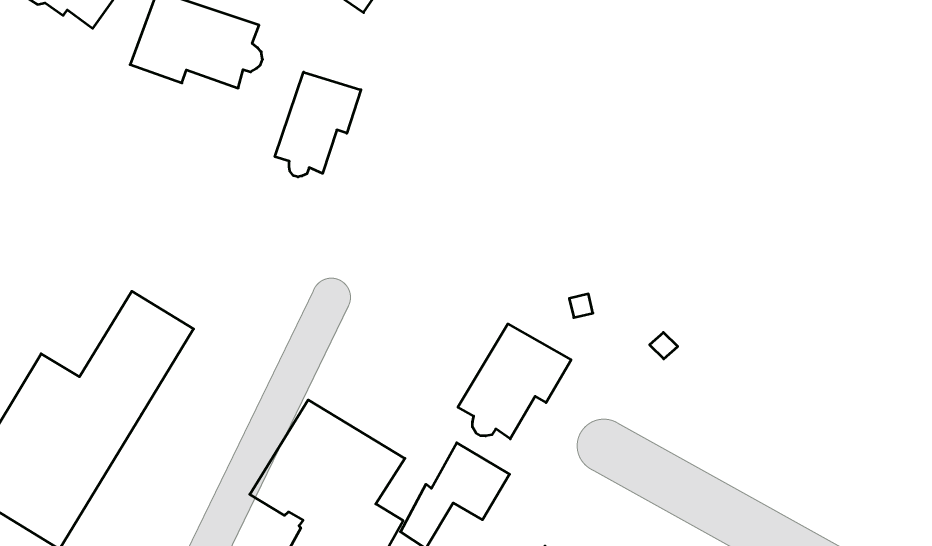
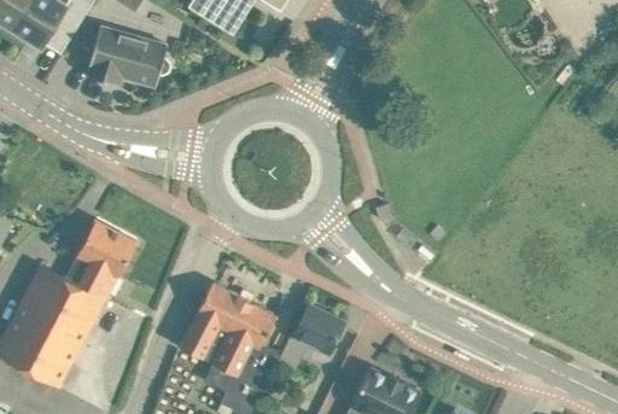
building: [275,72,361,177] -> none
building: [458,324,571,439] -> none

